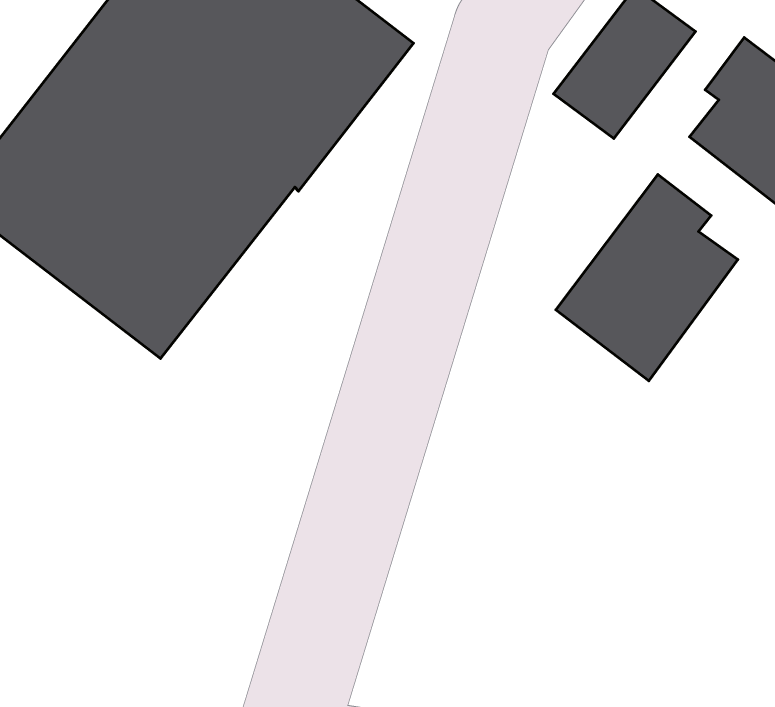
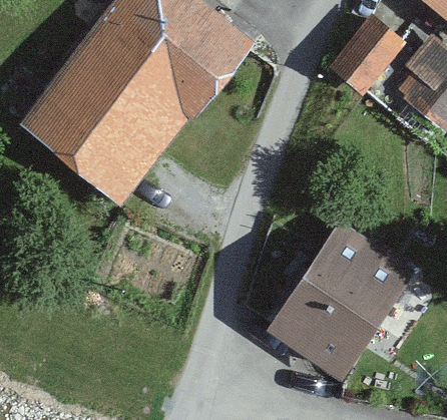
building: [556,174,738,381] -> none
building: none -> [270,222,415,378]

